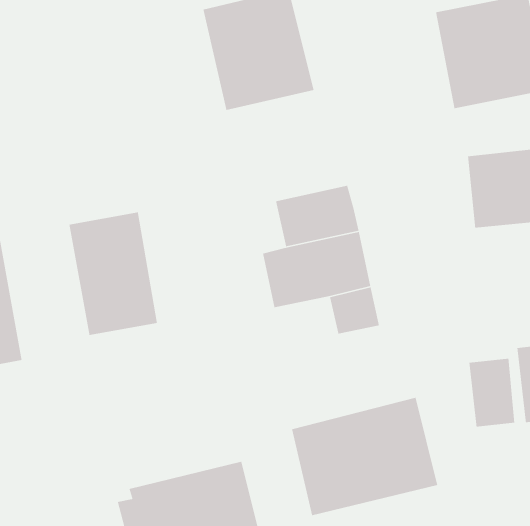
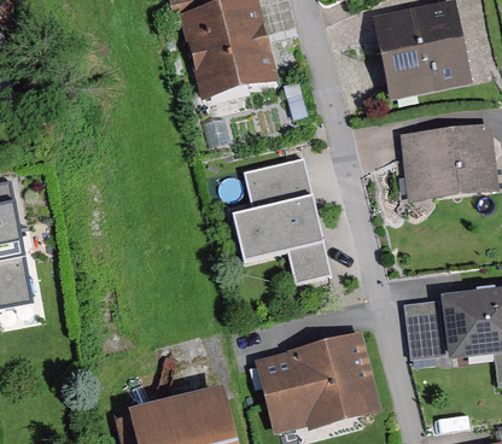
building: [68,211,158,336] -> none

